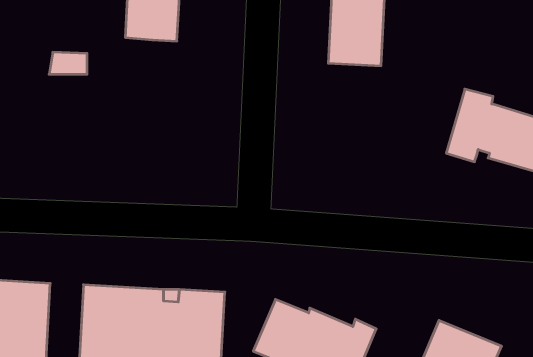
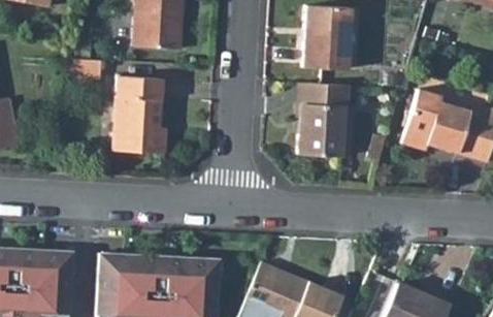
building: none -> [113,74,166,153]
building: none -> [298,83,351,156]

